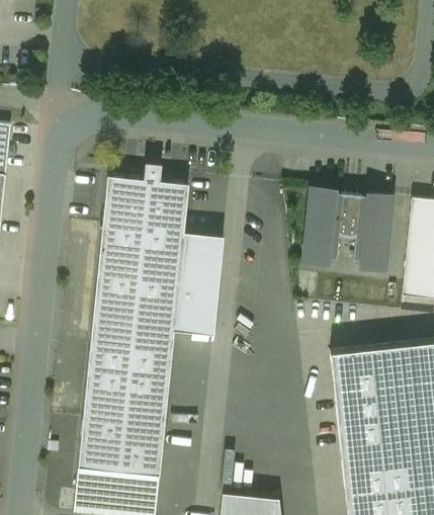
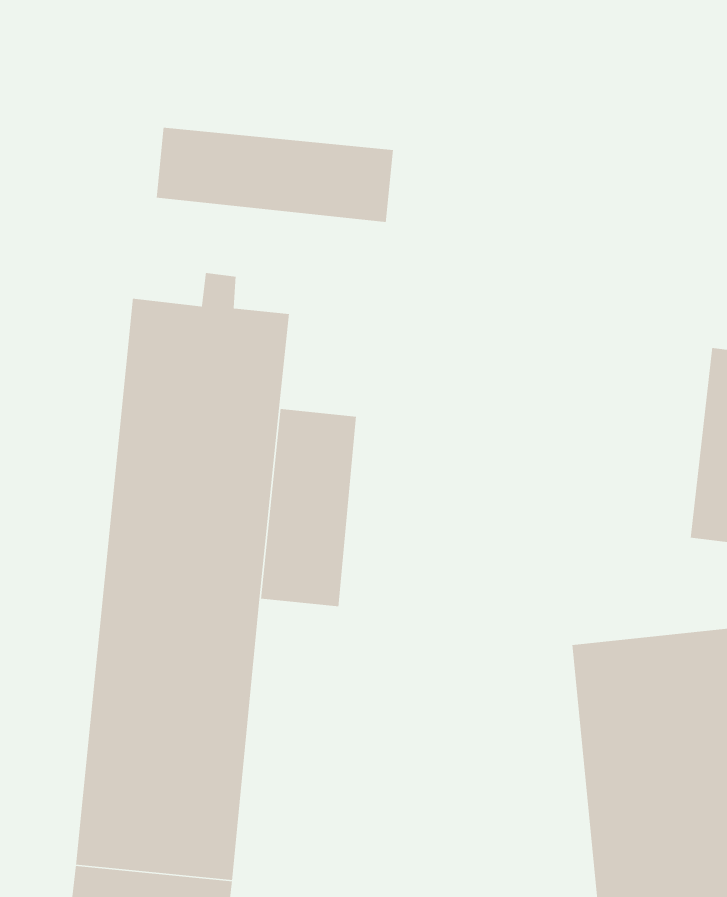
building: none -> [156,127,394,223]
building: [303,189,392,271] -> none

